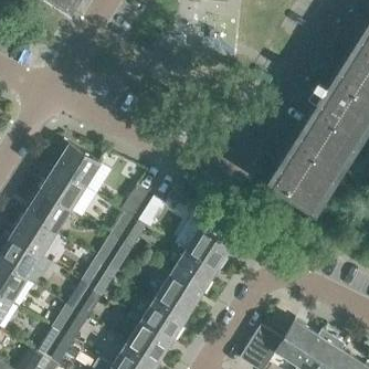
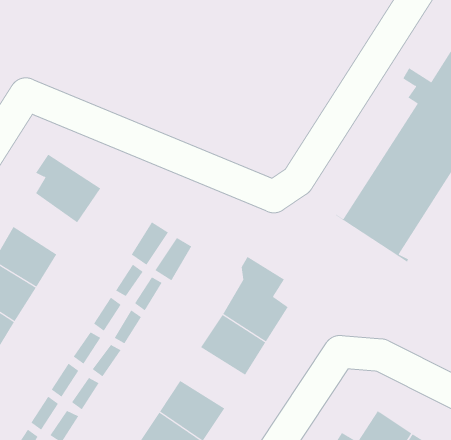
building: [39,167,84,210] -> none
building: [156,275,202,318] -> none

